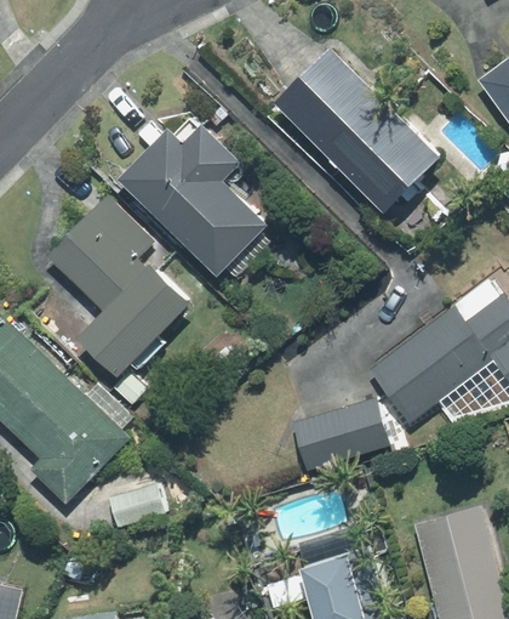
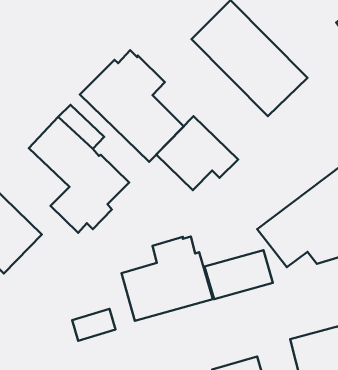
building: none -> [156,116,238,190]
building: [12,377,131,504] -> none
building: none -> [121,236,213,321]

